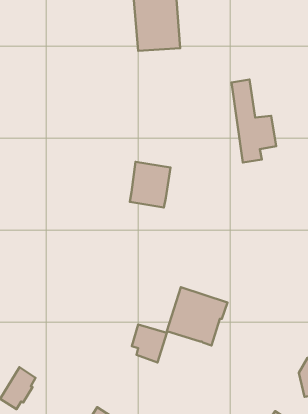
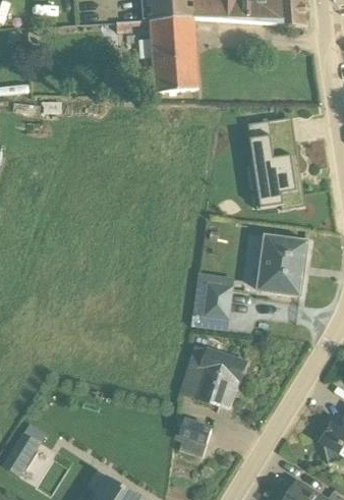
building: [130,162,171,207] -> [189,280,233,329]
building: none -> [255,234,308,296]
building: [132,324,167,363] -> [174,415,212,456]

